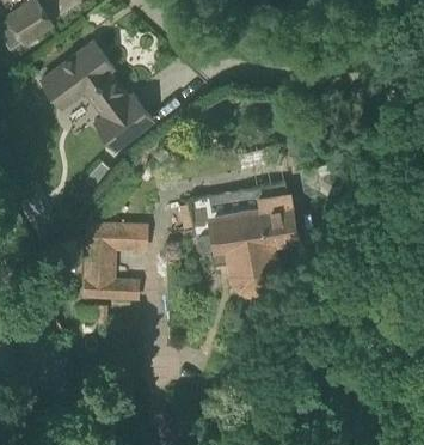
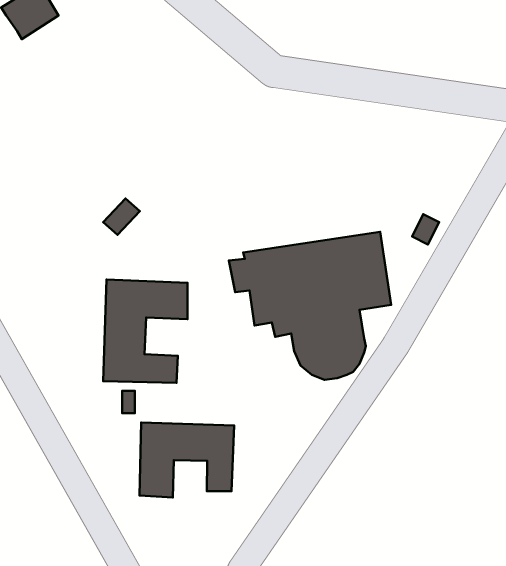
building: [41,41,153,150] -> none
building: none -> [140,422,234,498]

